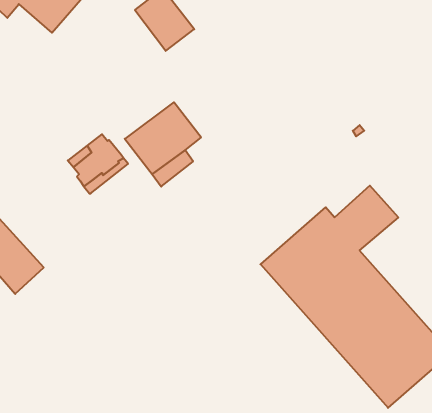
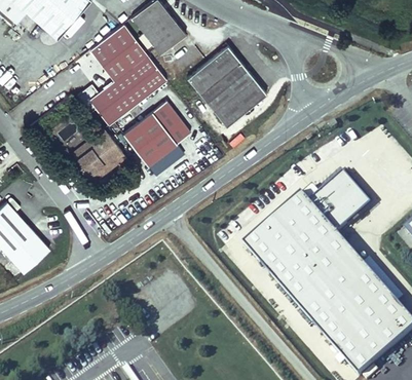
building: none -> [80,25,166,126]
building: none -> [186,44,265,125]

